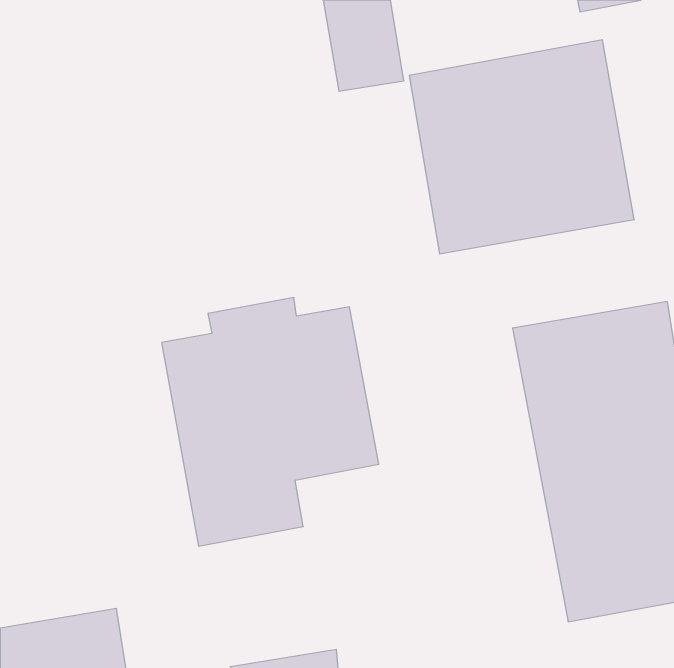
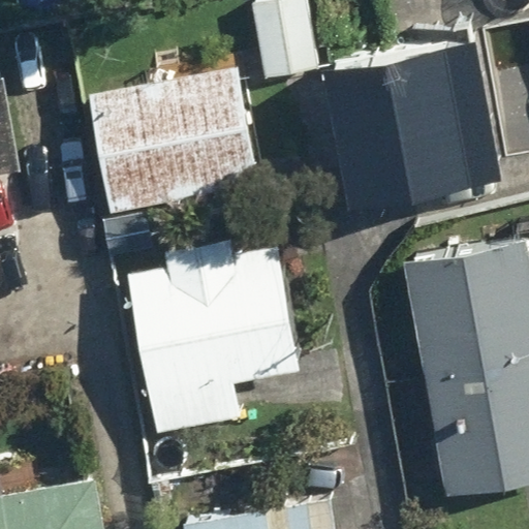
building: none -> [87,69,255,213]

